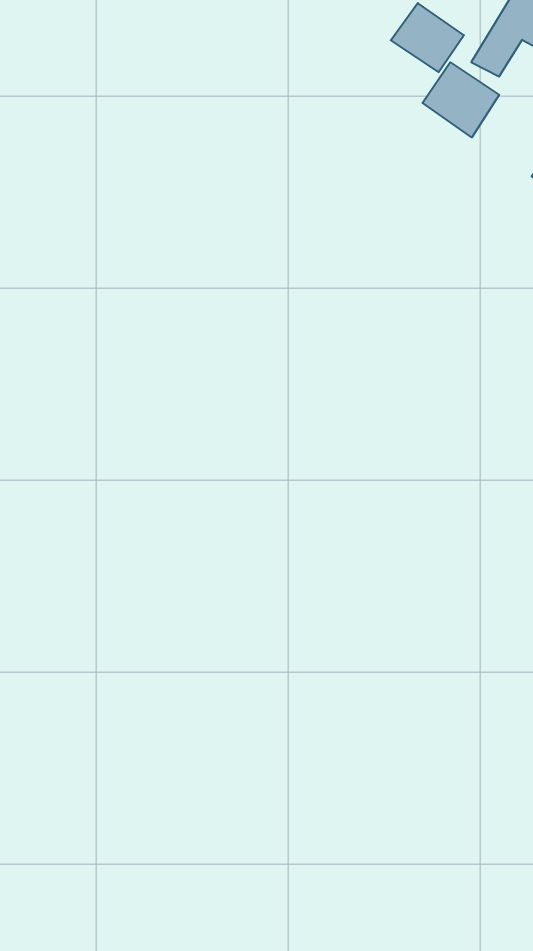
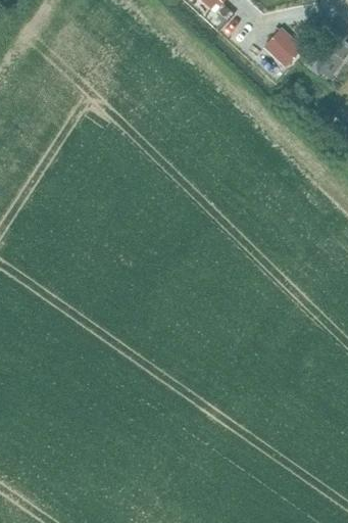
building: [422,62,499,137] -> none

